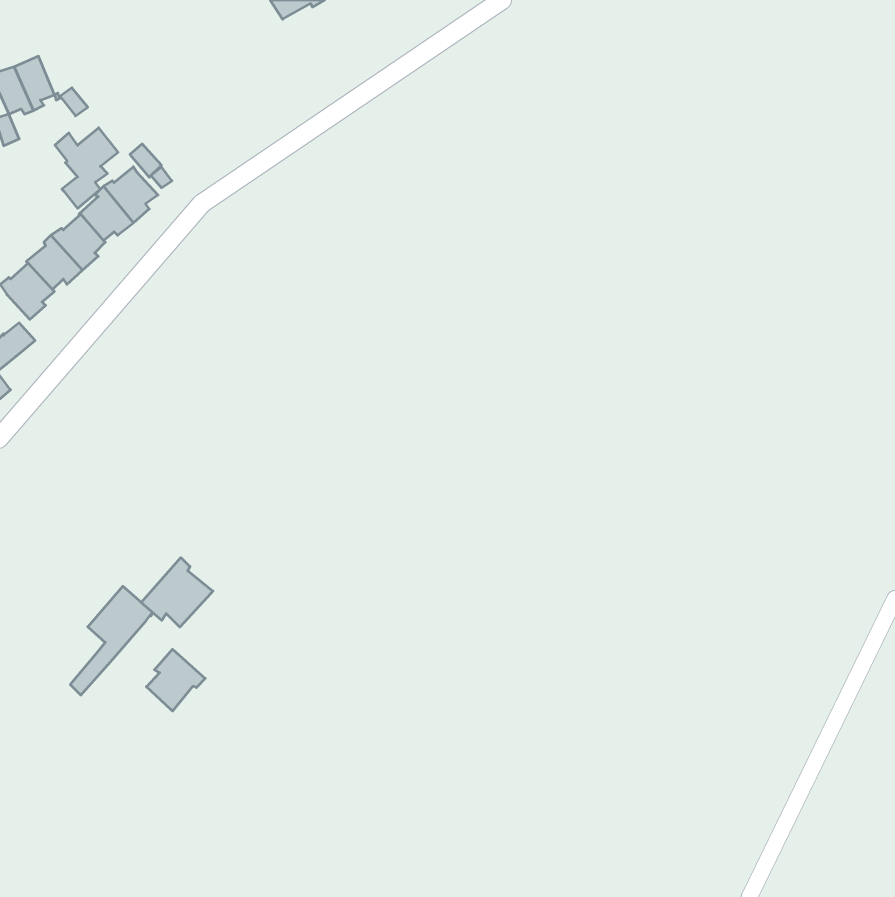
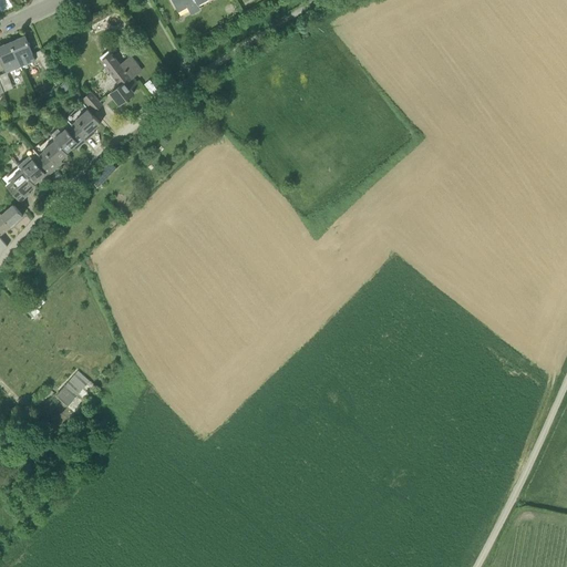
building: [55,128,118,208] -> [104,53,144,104]
building: [141,558,213,627] -> none
building: [146,649,205,711] -> none

